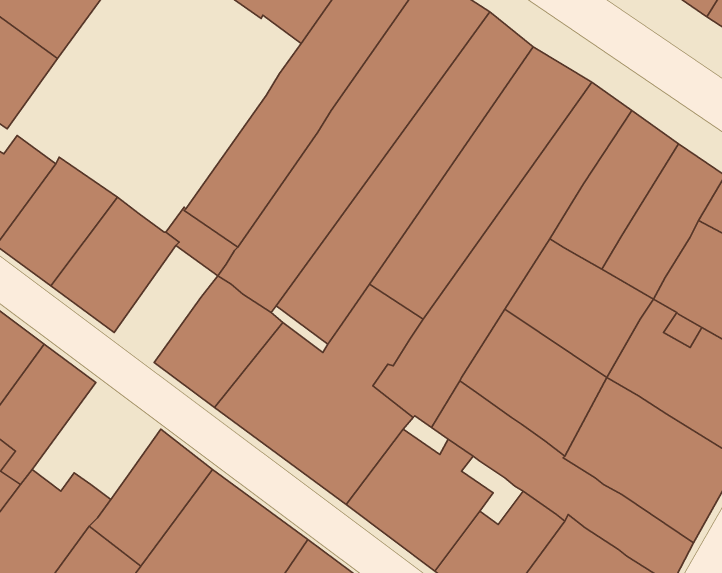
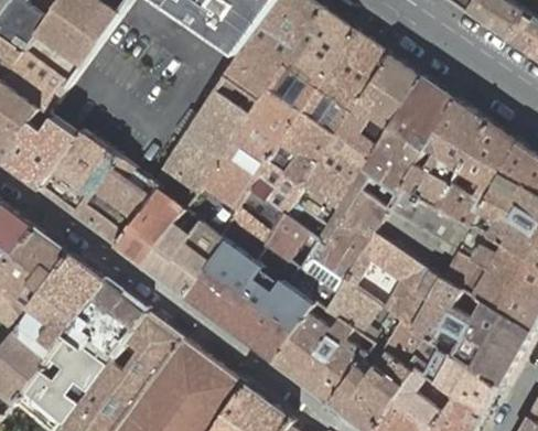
building: none -> [117,191,185,268]
building: none -> [63,281,148,358]

